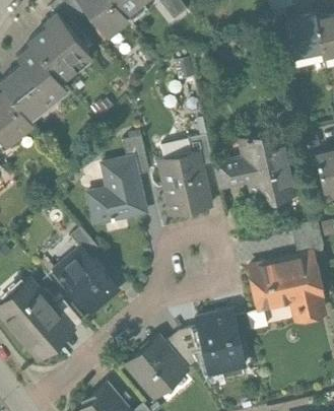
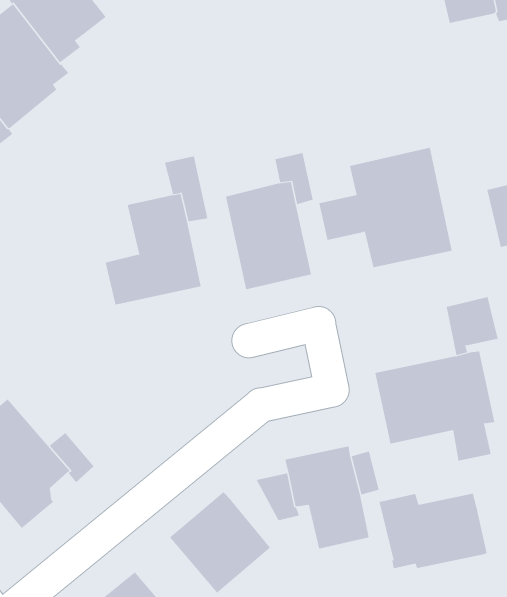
building: [54,247,119,314] -> none
building: [163,330,196,370] -> none
building: none -> [379,493,487,569]

